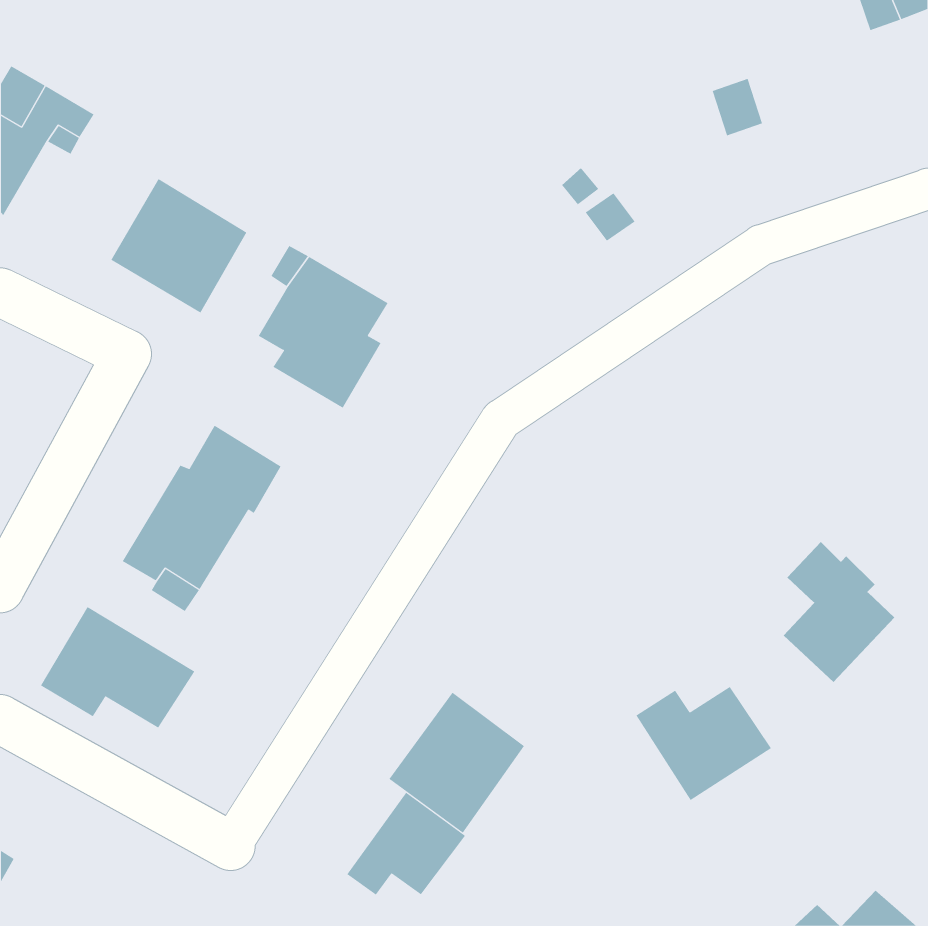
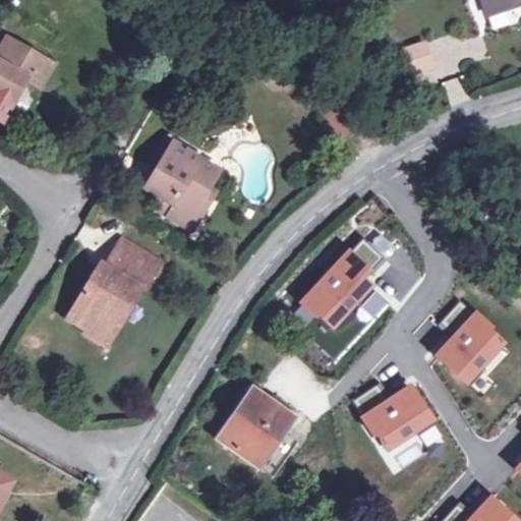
building: [110,178,247,313] -> none
building: none -> [302,242,381,329]
building: [40,606,195,728] -> none
building: [347,792,466,895] -> none

